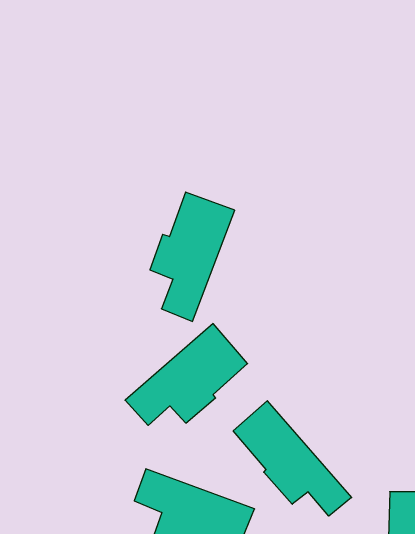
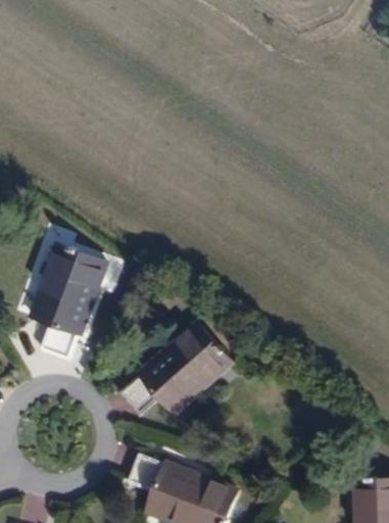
building: [150,192,235,321] -> [33,246,108,362]
building: [233,401,352,516] -> none

